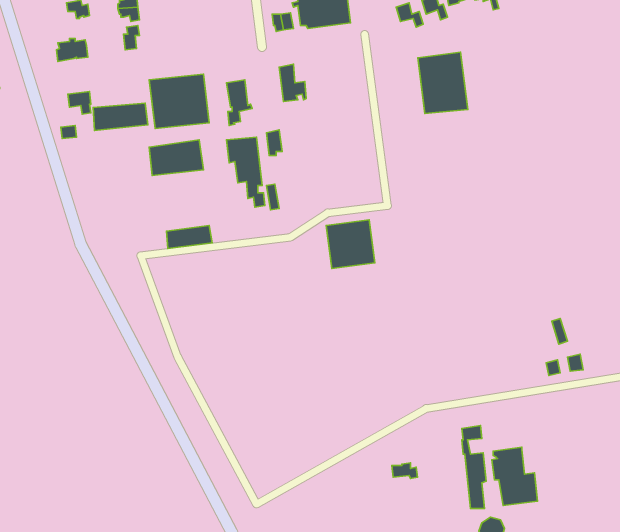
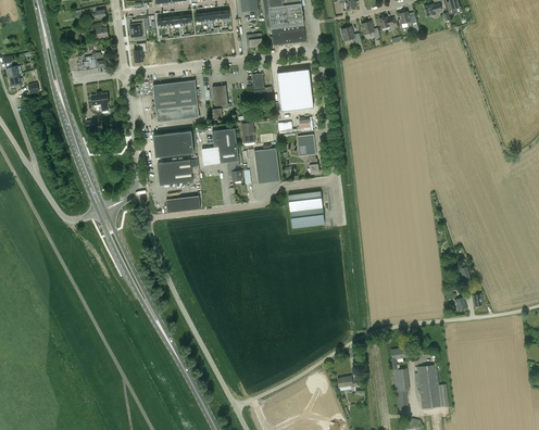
building: [418,52,468,114] -> [276,68,314,115]
building: [93,103,148,131] -> none
building: none -> [297,135,318,174]
building: none -> [253,148,279,184]
building: none -> [156,160,192,186]

